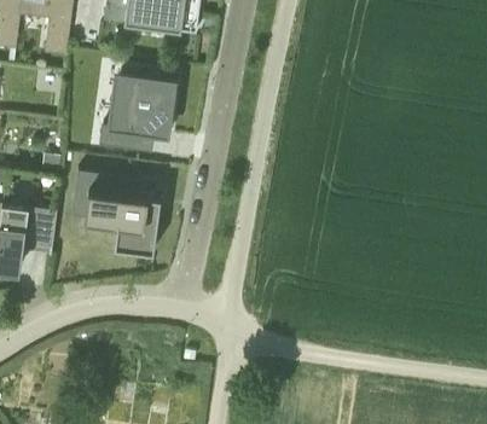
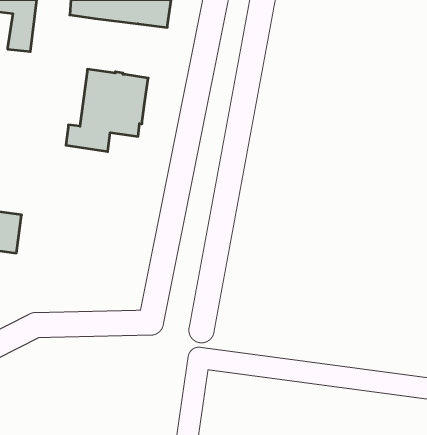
building: [70,172,160,254] -> none

